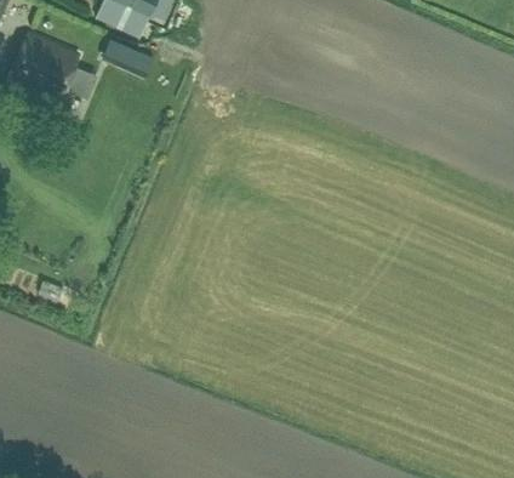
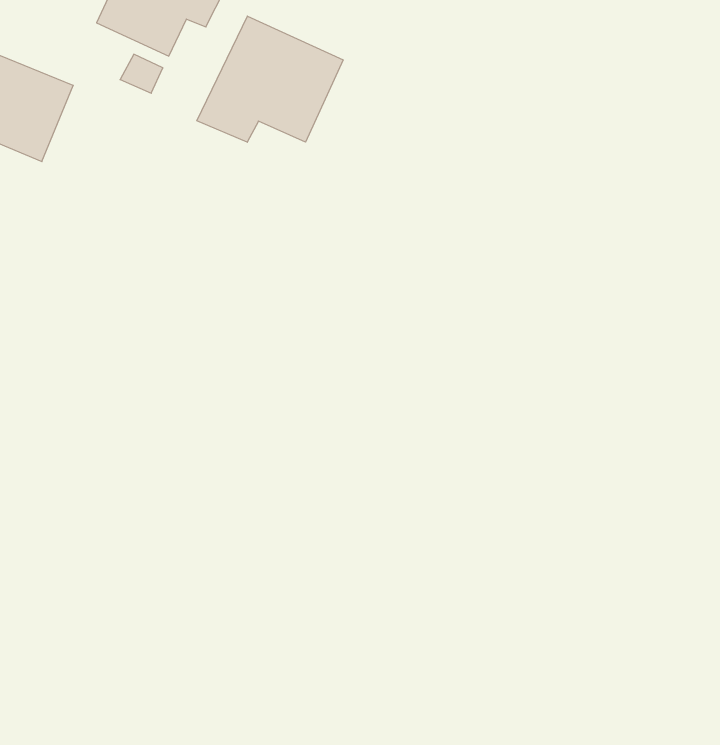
building: none -> [197,16,343,142]

